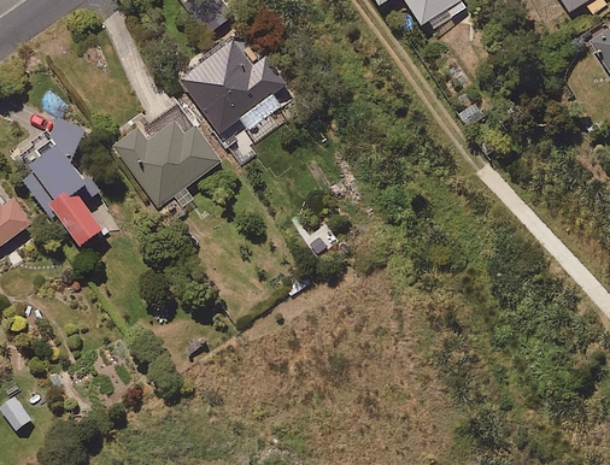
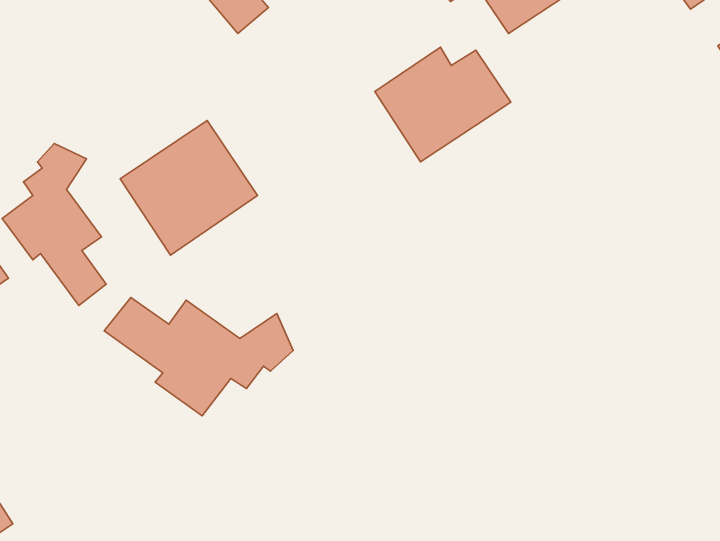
building: [181,42,288,133] -> [375,47,511,162]
building: none -> [104,297,293,416]

